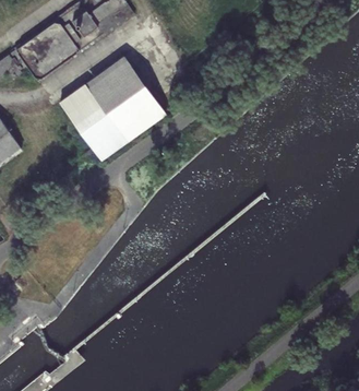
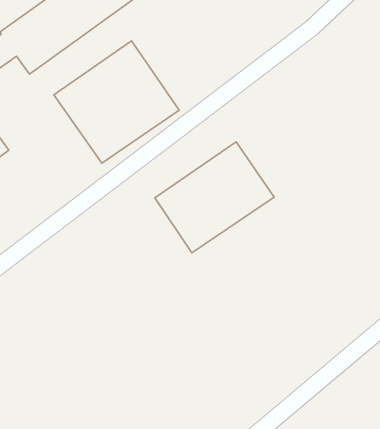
building: none -> [155,142,274,253]

